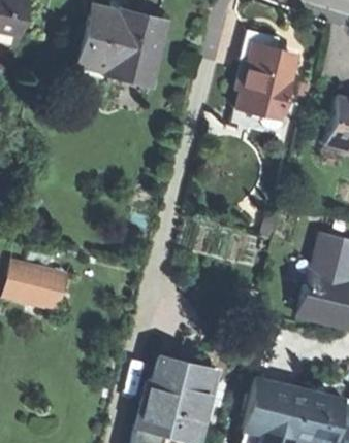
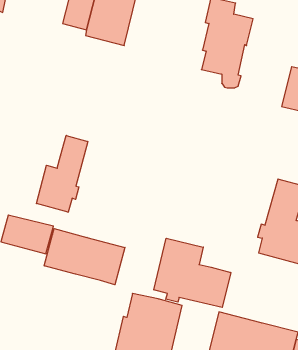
building: none -> [36,135,88,212]
building: none -> [44,229,125,285]
building: none -> [154,238,231,307]

